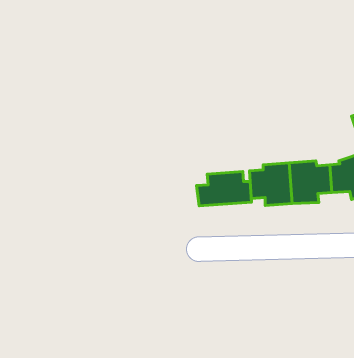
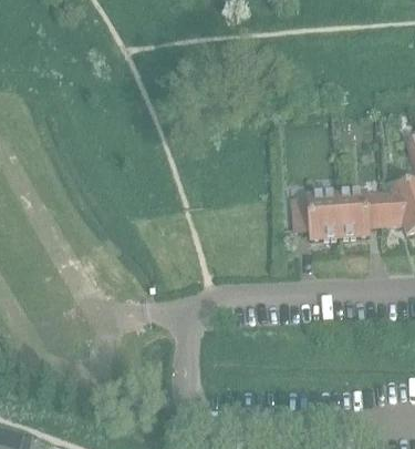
building: [197,172,252,206] -> none

